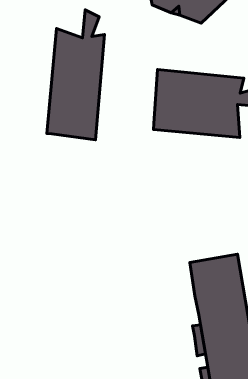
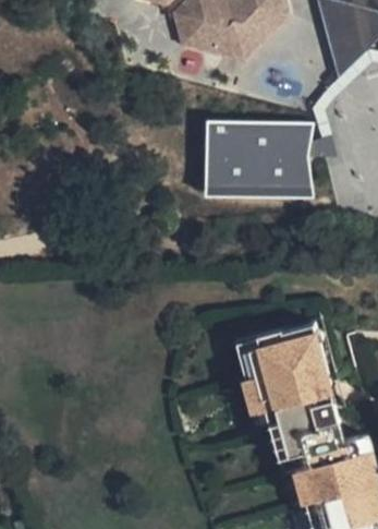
building: [47,10,104,140] -> none
building: none -> [235,349,277,422]

